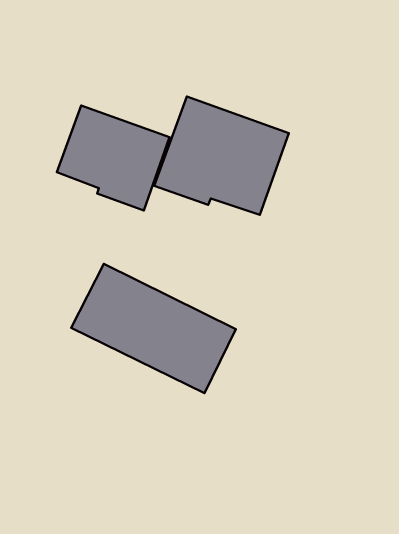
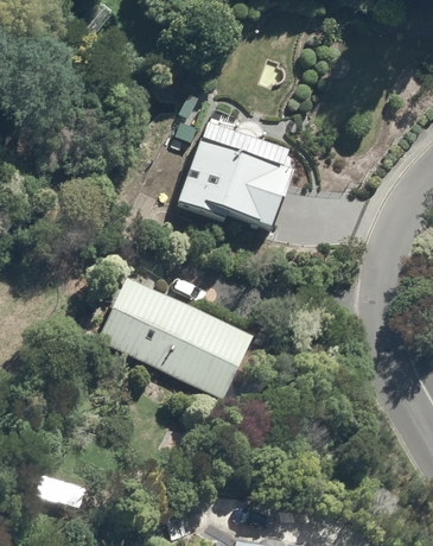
building: [57,105,170,211] -> none

